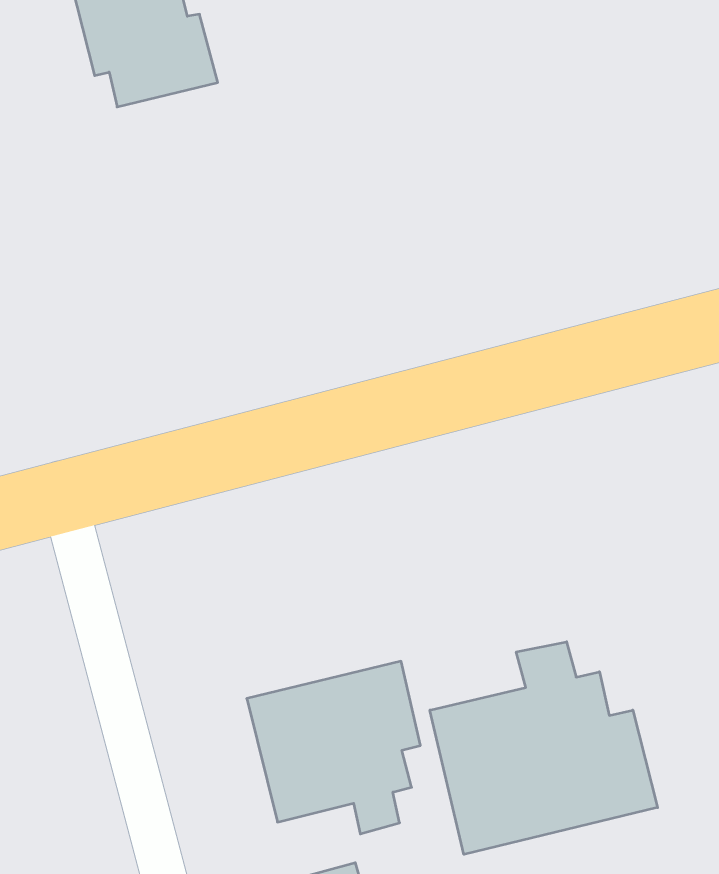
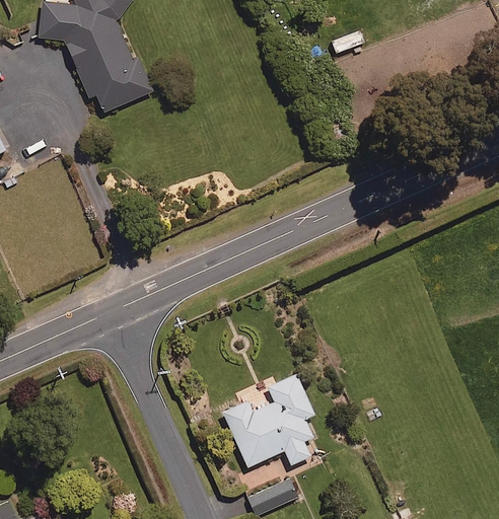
building: [430,642,658,854] -> none

